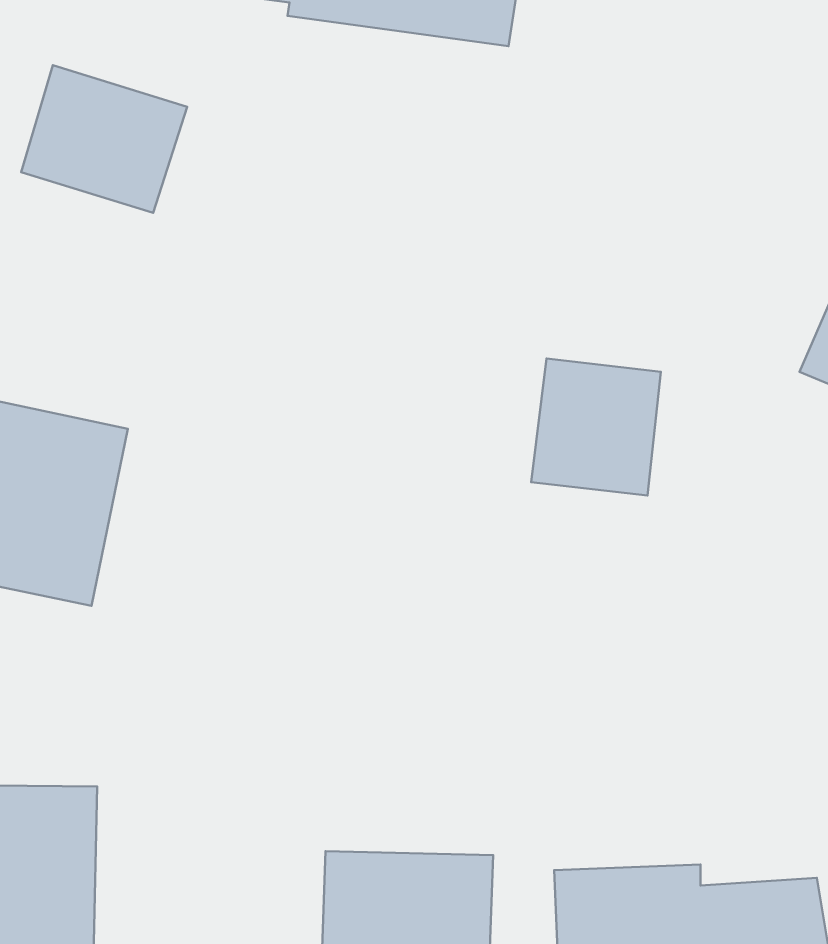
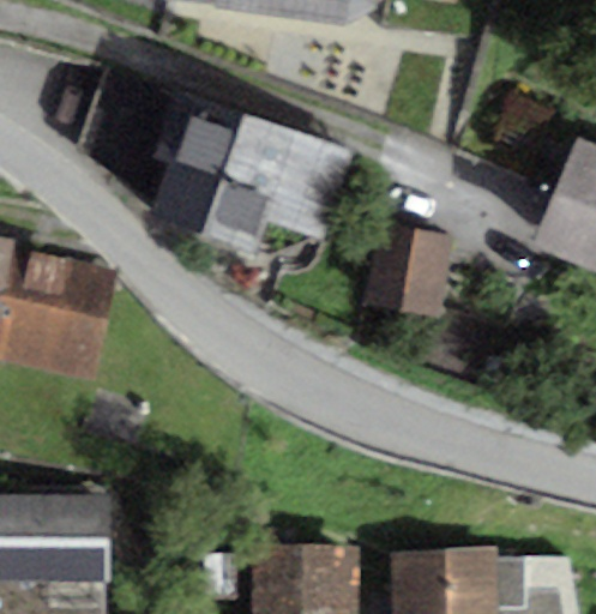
building: [21,65,187,213] -> none
building: none -> [151,101,356,248]

